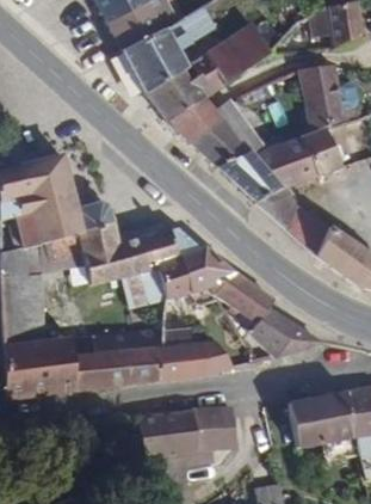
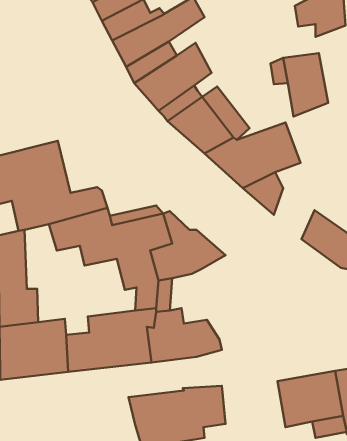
building: [206,20,268,82] -> none
building: [299,124,340,176] -> none
building: [287,202,329,254] -> none
building: [212,271,321,355] -> none

